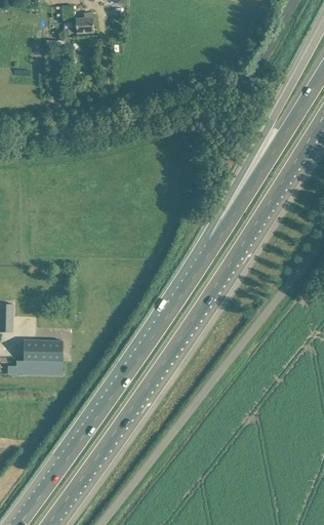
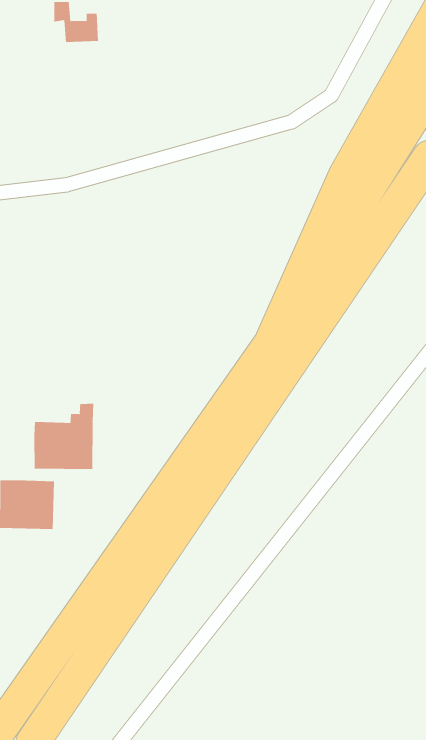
building: none -> [34,403,94,470]

